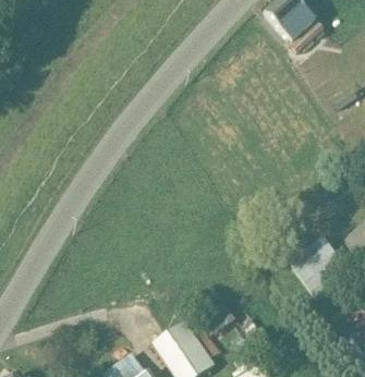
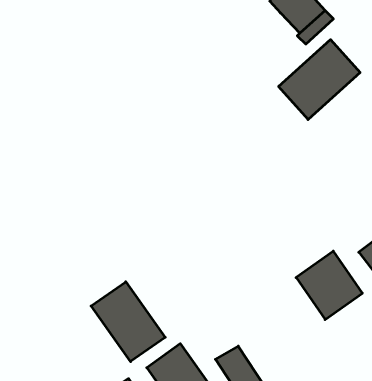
building: none -> [279,40,360,120]
building: none -> [91,282,165,362]

